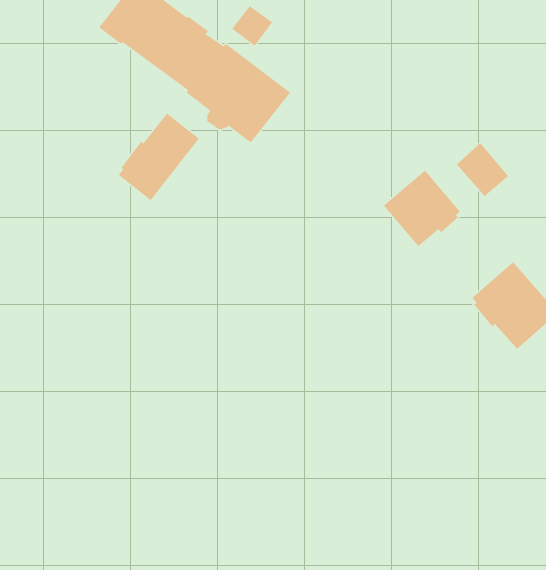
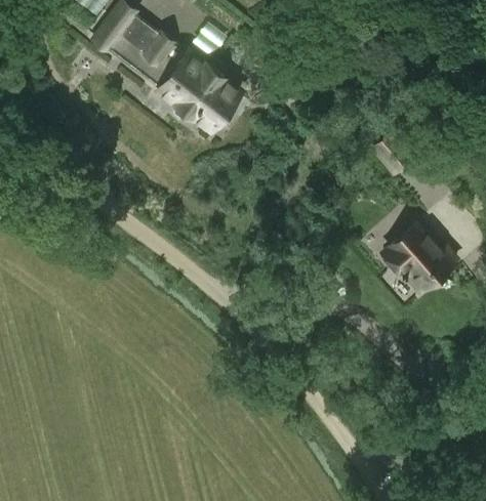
building: [118,113,200,201] -> none
building: [383,170,461,247] -> none

